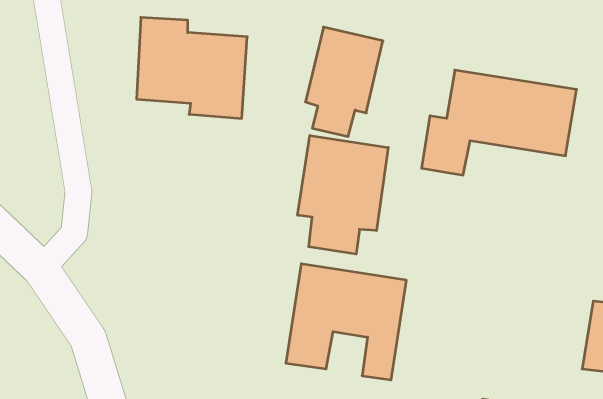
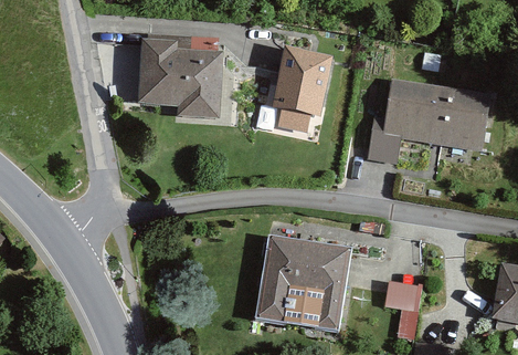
building: [298,135,388,254] -> none
building: none -> [382,280,423,312]

